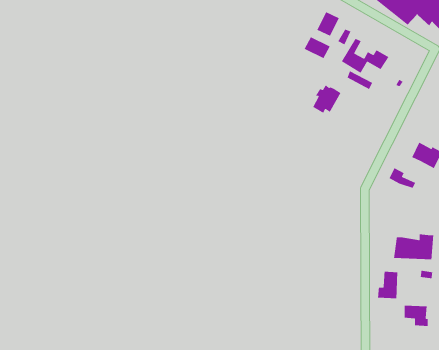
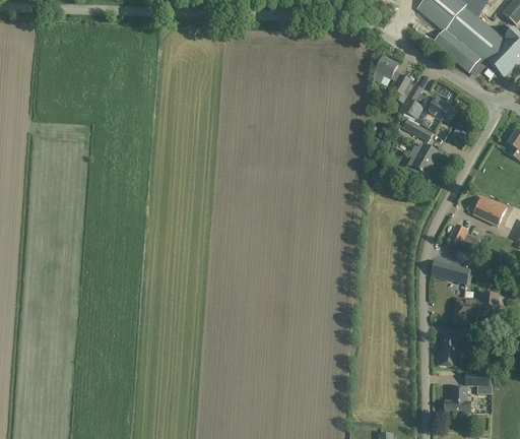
building: [304,36,331,59] -> none
building: [312,84,342,114] -> [407,142,439,174]
building: none -> [431,259,470,284]
building: none -> [446,385,470,413]

